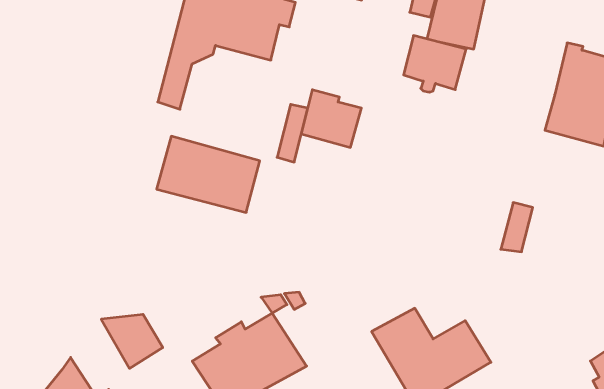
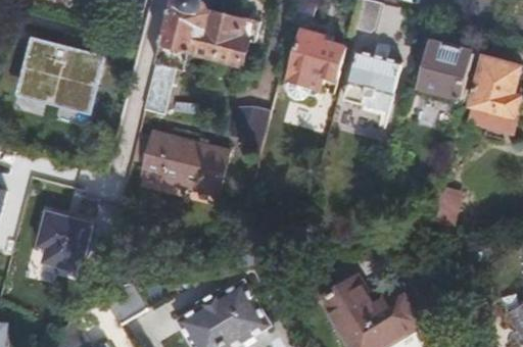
building: none -> [21,40,102,106]
building: none -> [426,41,476,97]
building: [301,90,361,147] -> [290,31,340,79]
building: none -> [36,211,92,269]

